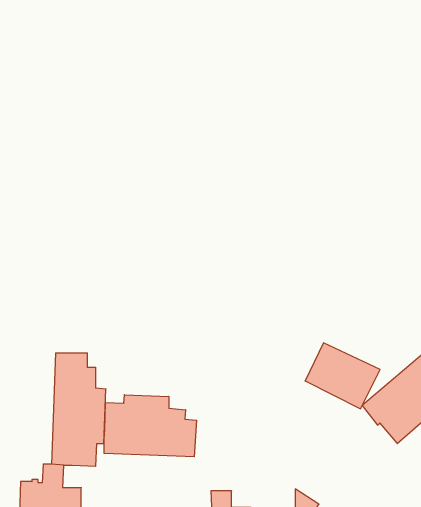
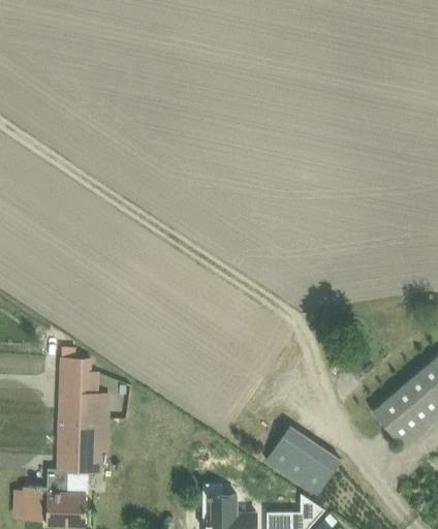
building: [305,343,380,409] -> [261,429,337,495]
building: [104,395,197,457] -> none

